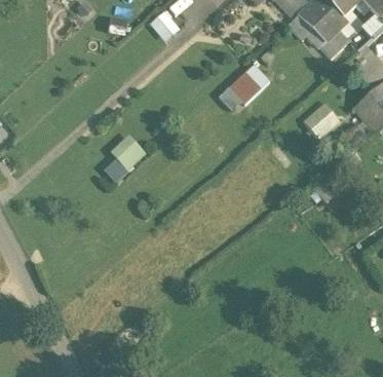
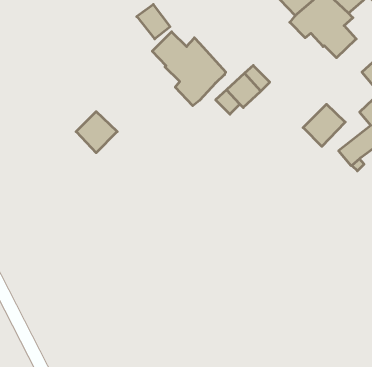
building: none -> [152,32,226,106]
building: [109,136,147,174] -> [76,112,117,153]

